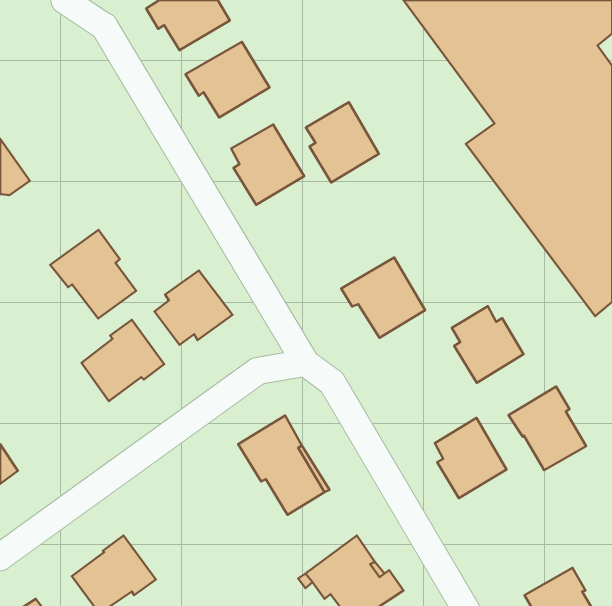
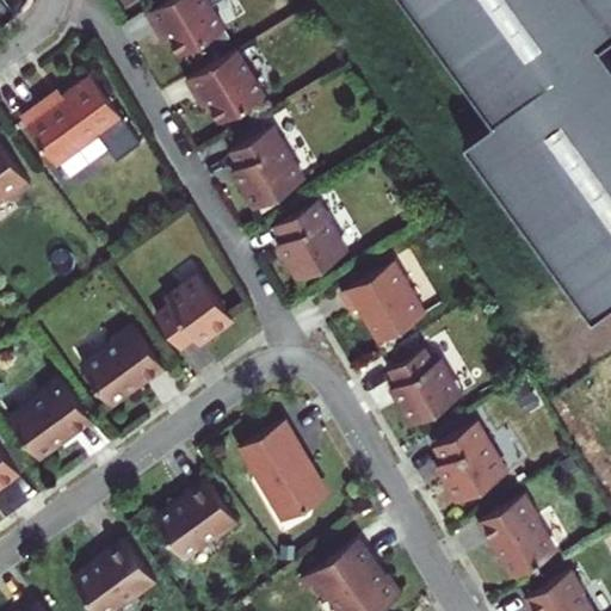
building: none -> [20,76,140,179]
building: [306,102,379,182] -> [273,200,346,280]
building: [50,230,136,319] -> none
building: [452,306,524,383] -> [393,346,464,422]
building: none -> [8,377,91,458]
building: [508,386,586,470] -> [476,494,554,578]
building: none -> [153,480,237,558]

